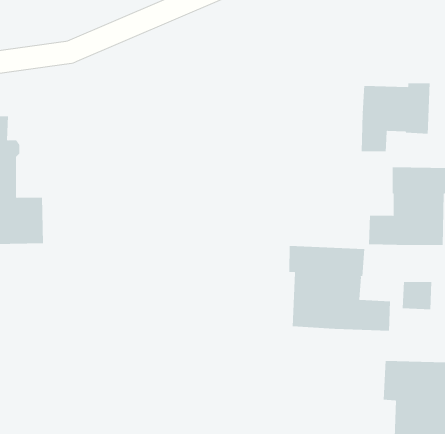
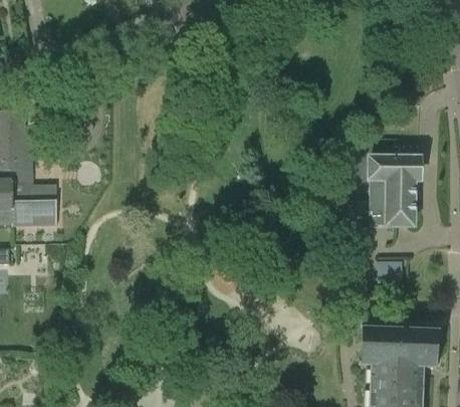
building: [361,82,430,152] -> none
building: [289,245,390,331] -> none

